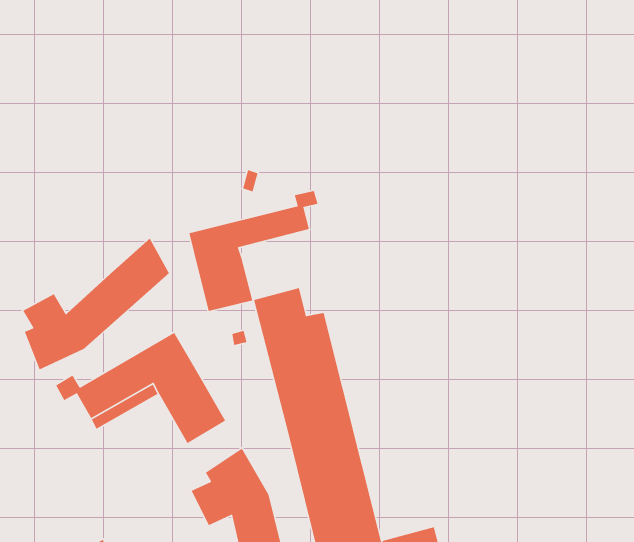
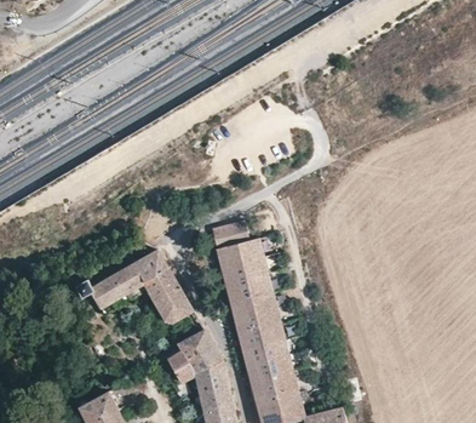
building: [188,190,318,312] -> none
building: [22,237,170,370] -> none

